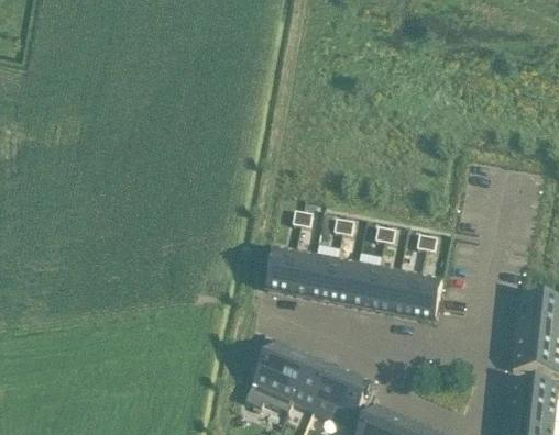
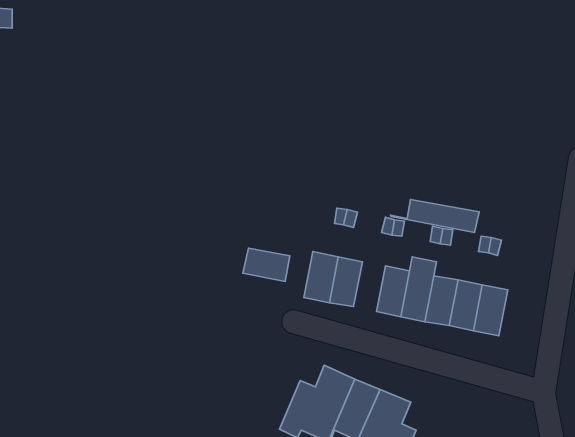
building: none -> [390,199,479,233]
building: none -> [243,248,290,281]
building: [310,256,338,299] -> none

